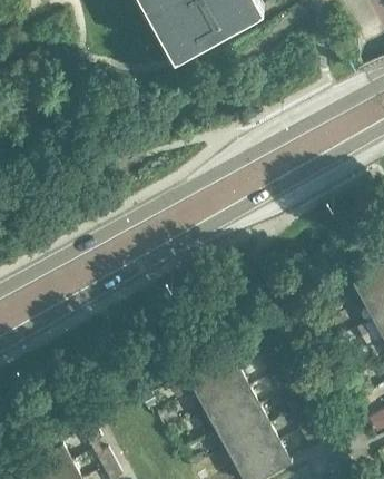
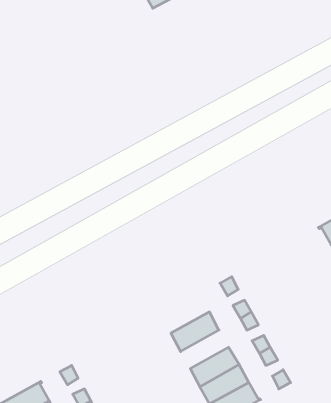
building: [186,350,238,392] -> none
building: [208,389,258,429] -> none

